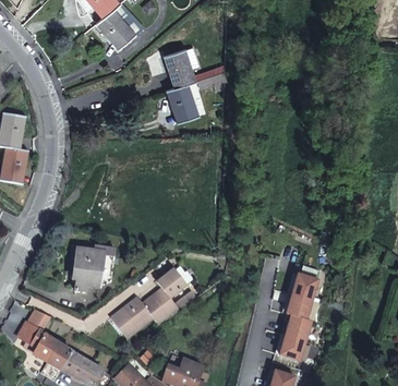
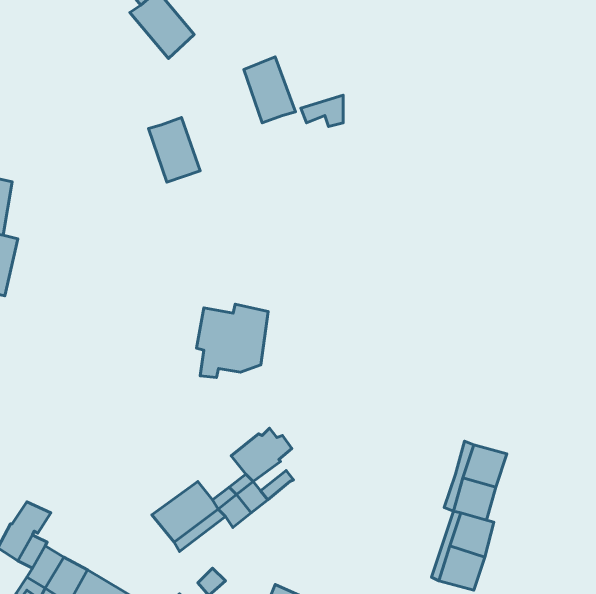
building: [166,81,196,119] -> [149,118,200,182]
building: [71,246,113,290] -> [196,304,268,378]

